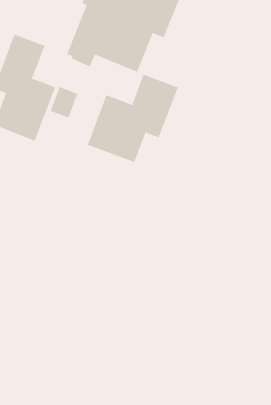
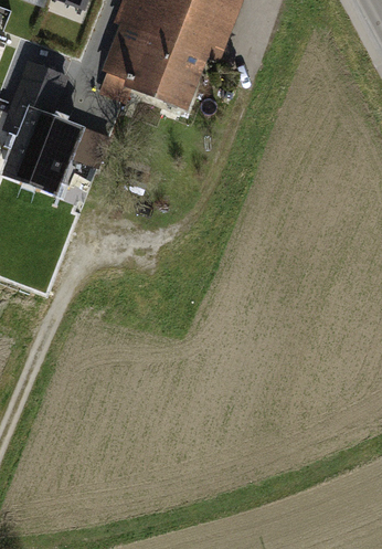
building: [87,74,179,163] -> none

